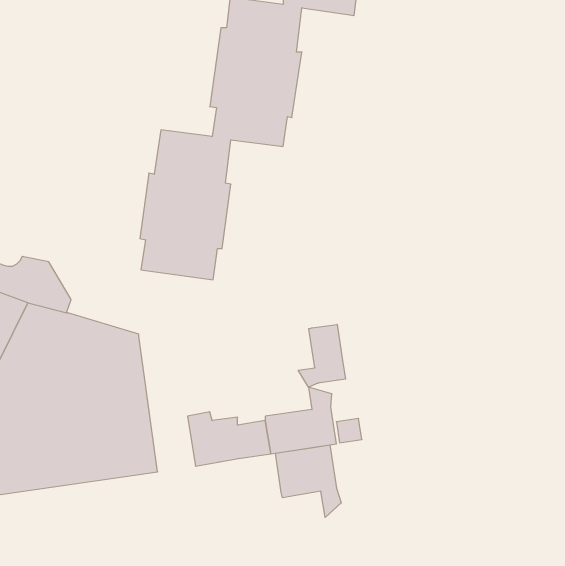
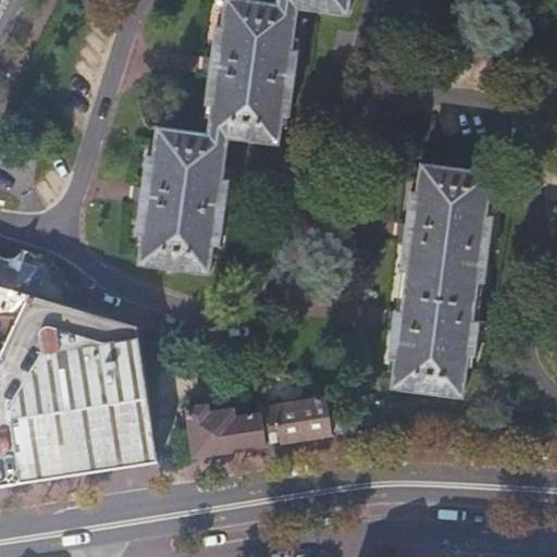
building: none -> [387,163,491,397]
building: [298,324,345,387] -> none
building: [275,445,341,517] -> none

